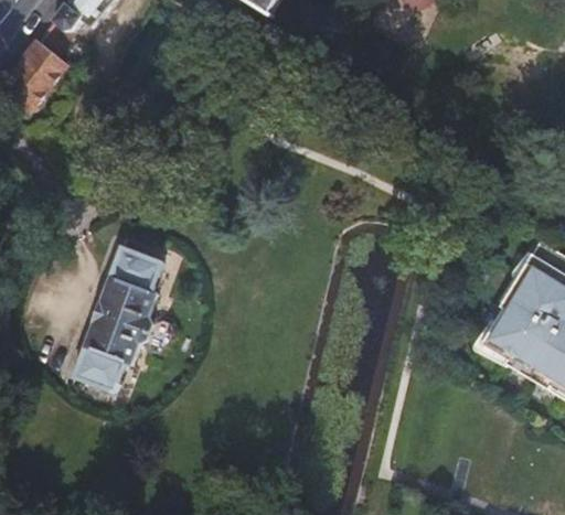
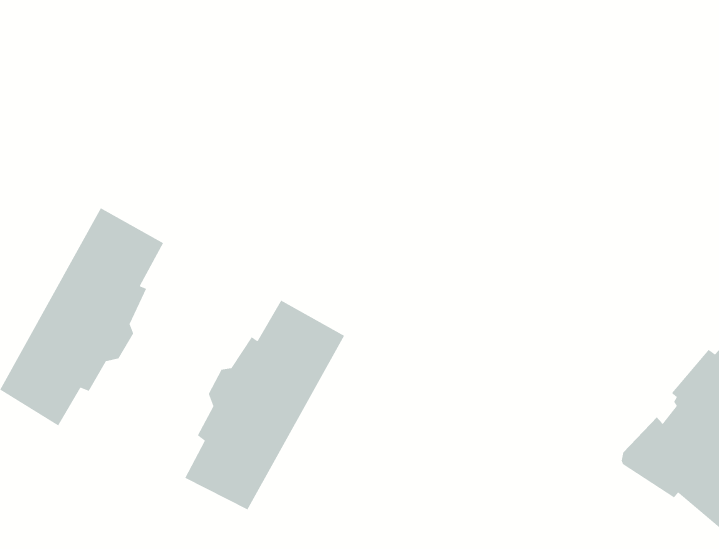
building: none -> [184,300,345,510]

